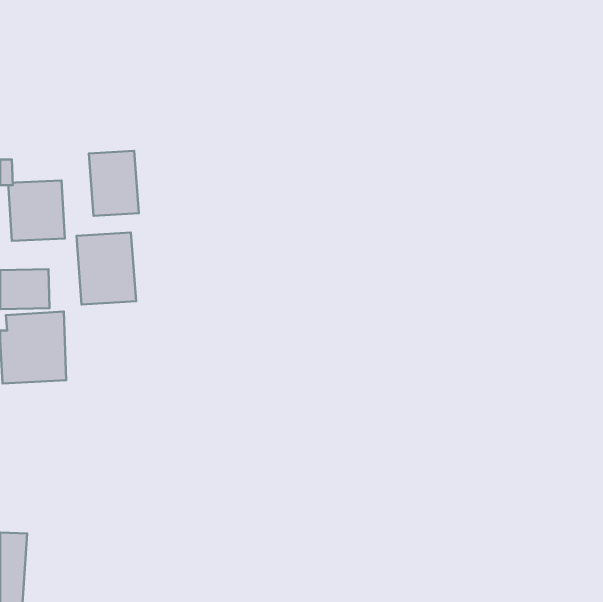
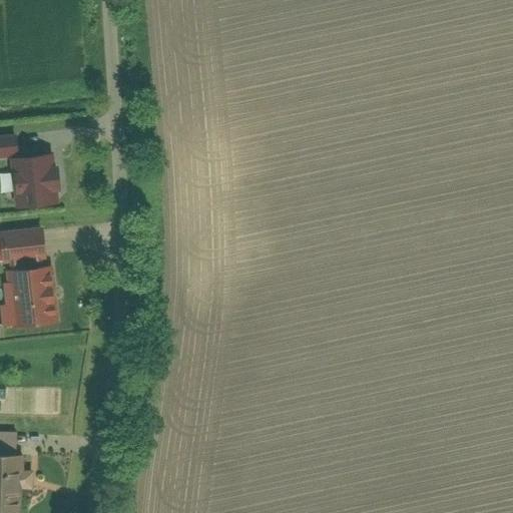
building: [89,151,139,216] -> none
building: [76,232,136,304] -> none

